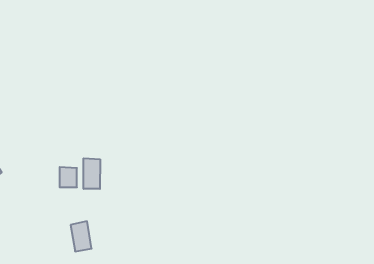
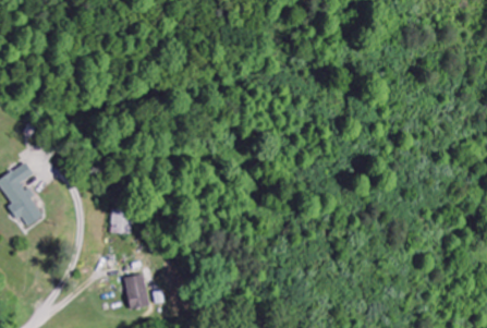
building: [84,158,100,189] -> none

